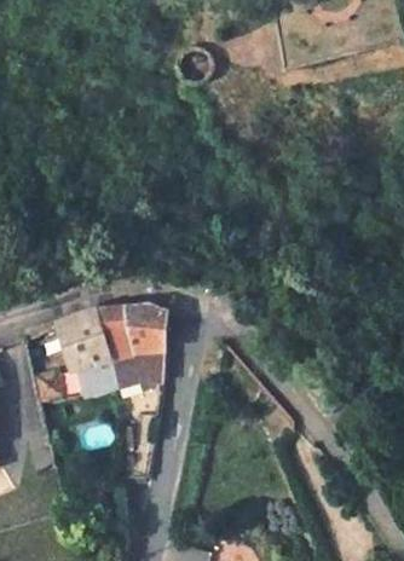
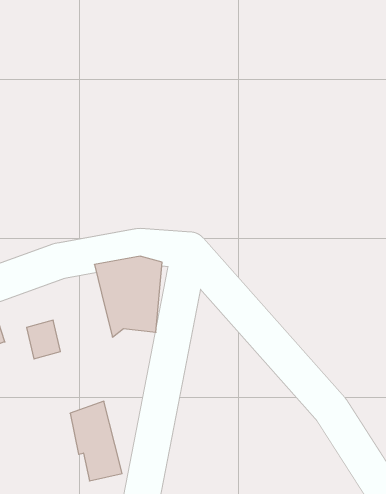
building: [62,308,114,388] -> [70,401,122,481]

